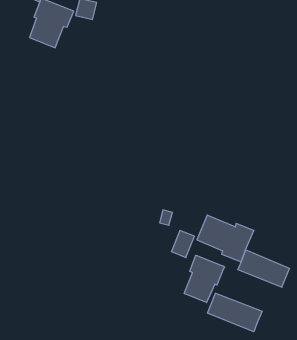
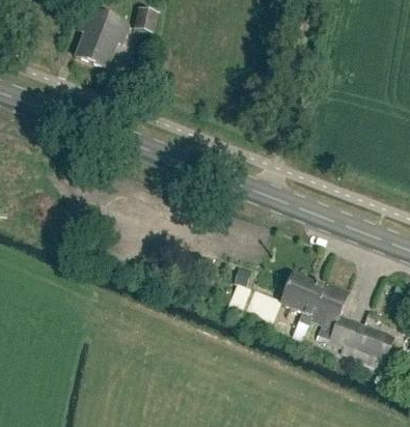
building: [184,255,225,303] -> none
building: [207,293,262,332] -> none

